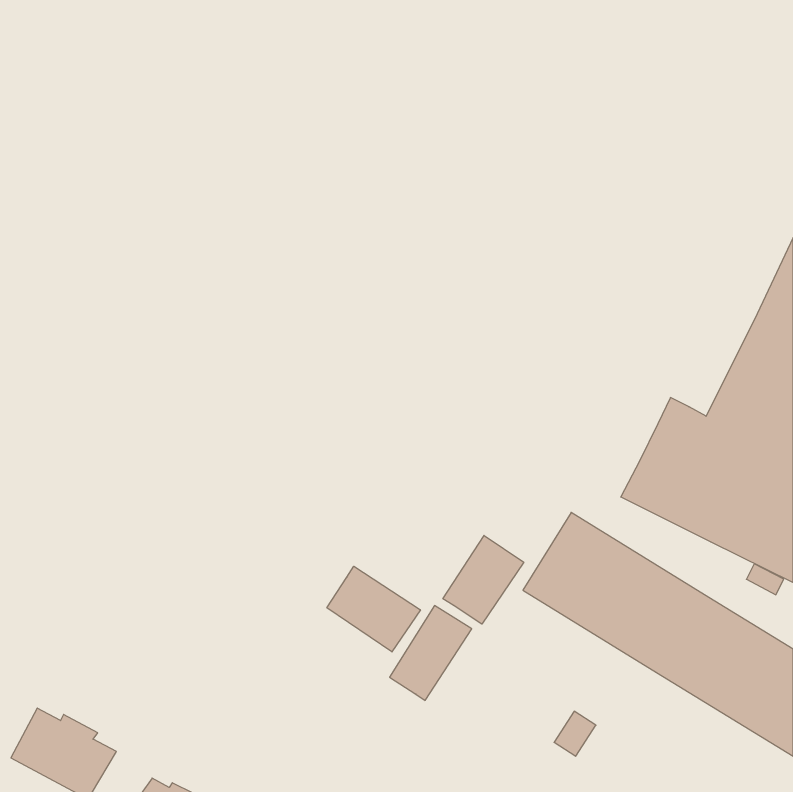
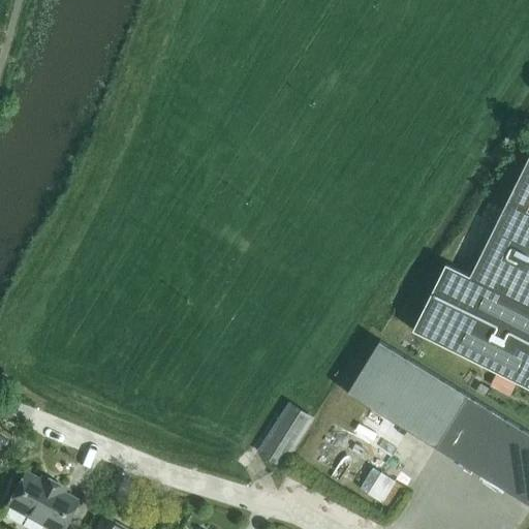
building: [443,535,524,624] -> none
building: [327,566,420,652] -> none

